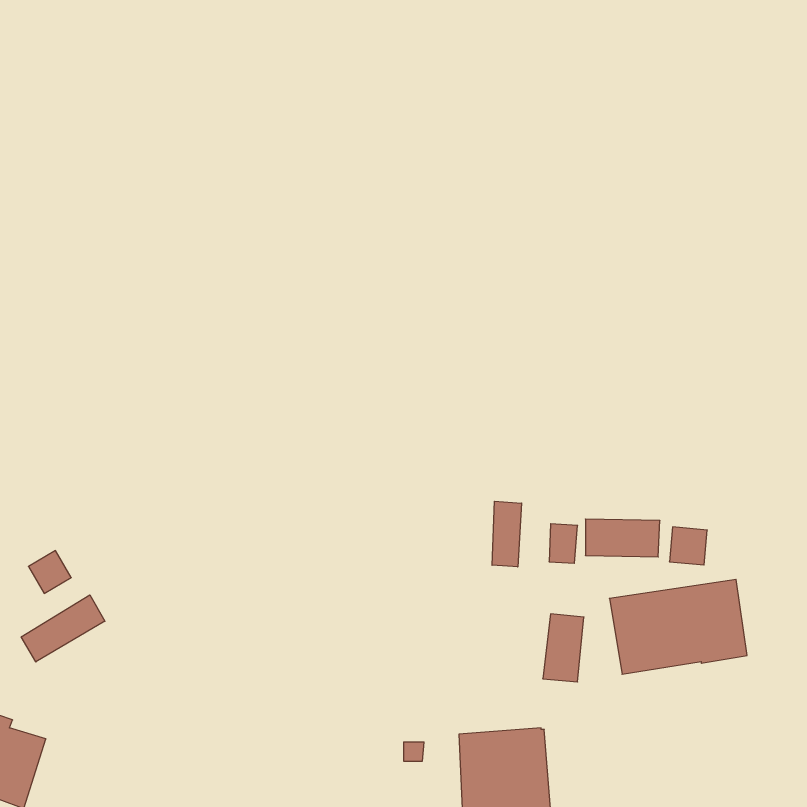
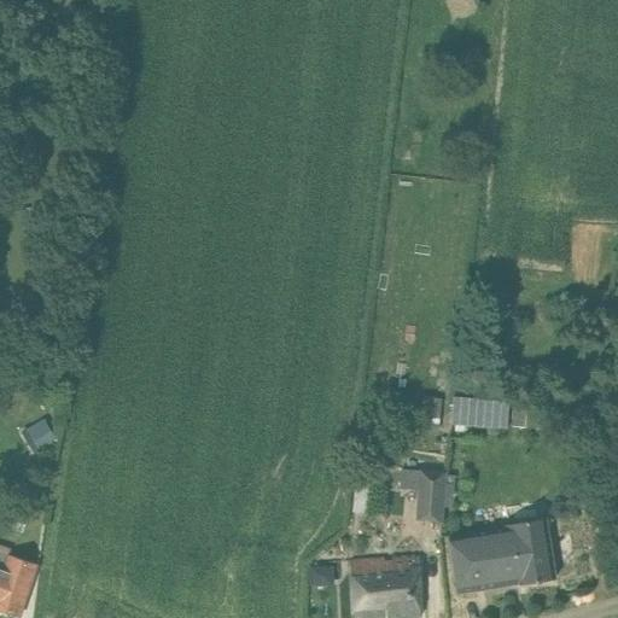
building: [492,501,522,567] -> none
building: [609,579,747,674] -> [449,521,554,594]
building: [21,595,105,662] -> none

